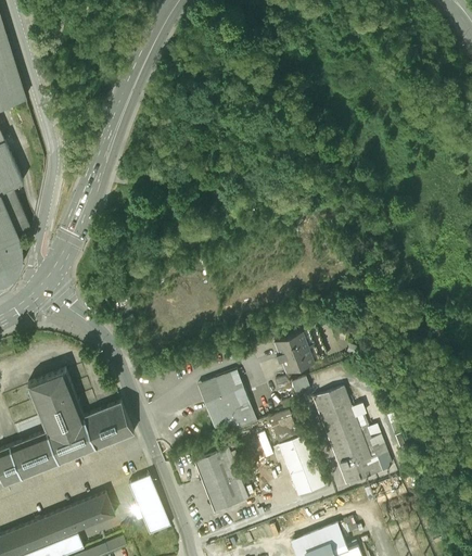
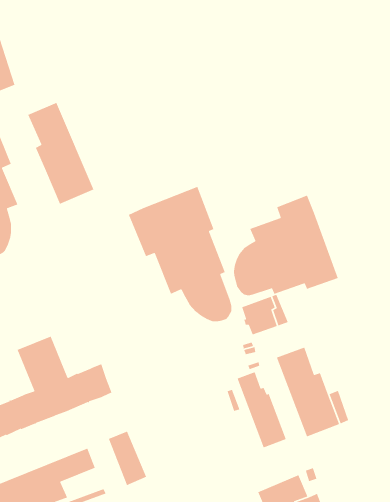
building: none -> [27,102,95,205]
building: none -> [128,186,232,322]
building: none -> [233,195,339,296]
building: [196,370,256,431] -> none
building: [194,448,247,511] -> none

